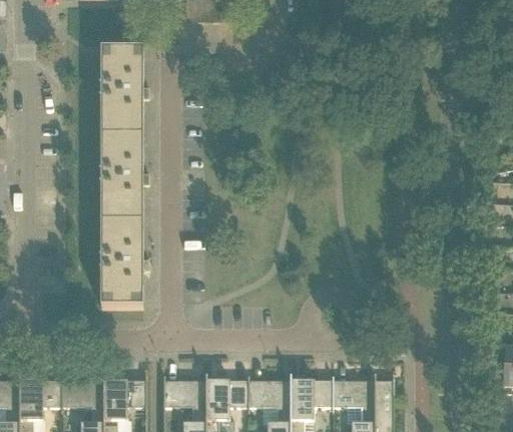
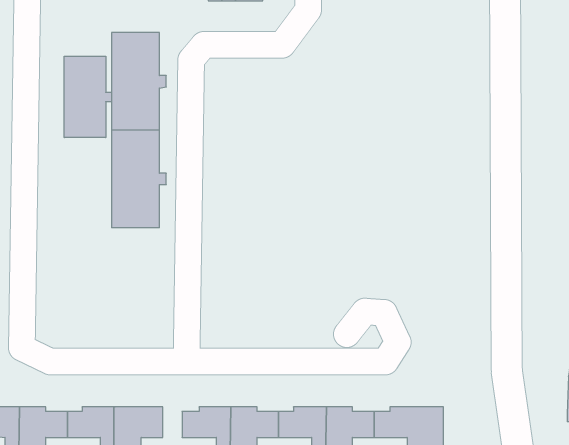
building: none -> [64,56,112,138]
building: [100,222,148,308] -> none

